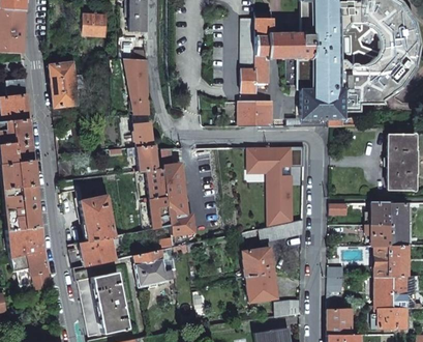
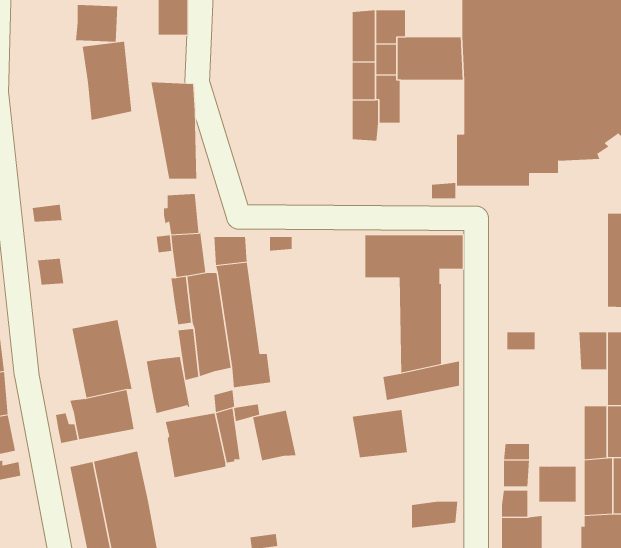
building: [49,62,78,108] -> [82,41,132,120]
building: [239,102,272,126] -> none
building: none -> [146,356,190,414]
building: [366,225,388,246] -> [539,466,576,502]
building: none -> [252,410,296,461]
building: [245,273,277,302] -> none

